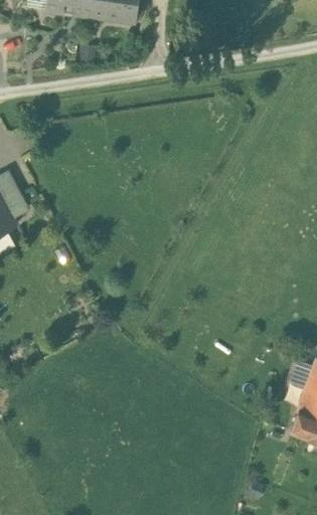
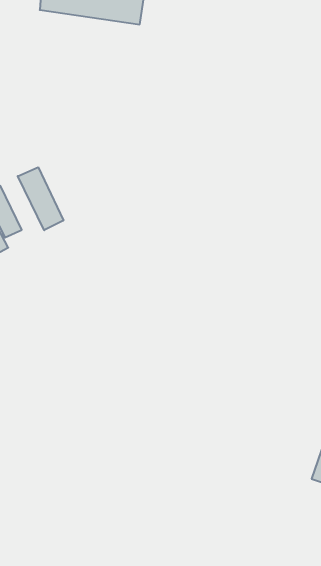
building: none -> [18,167,63,230]

